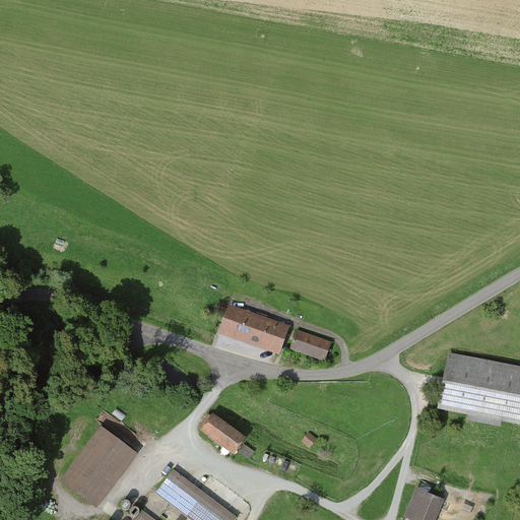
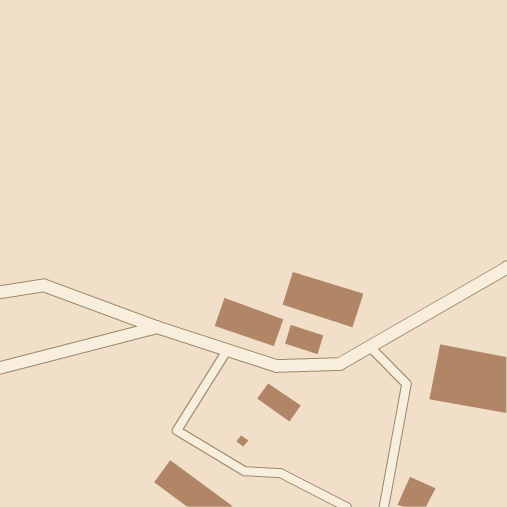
building: none -> [282,271,364,328]
building: [200,413,247,454] -> [256,383,302,422]
building: [60,425,139,507] -> none

